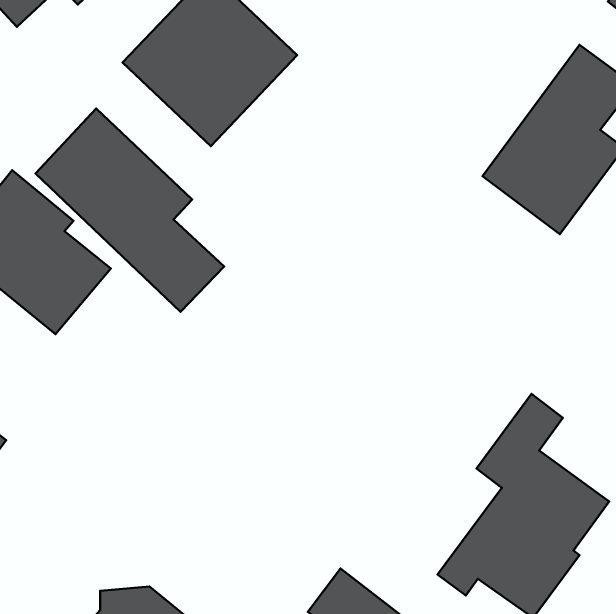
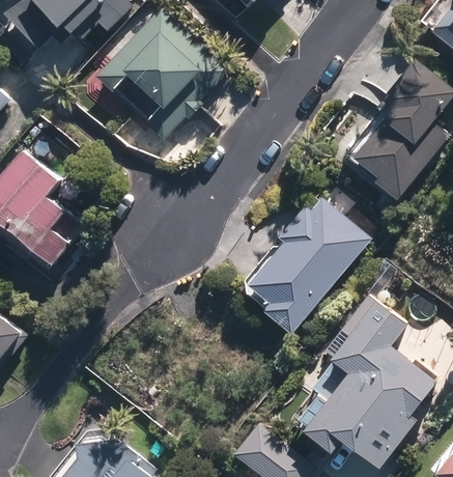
building: [35,108,224,312] -> none
building: none -> [247,201,368,331]

